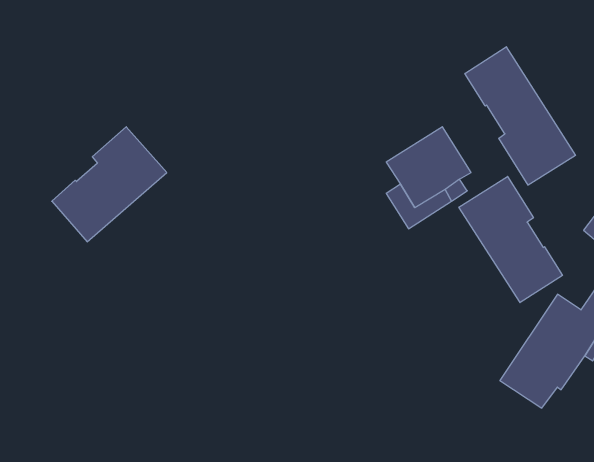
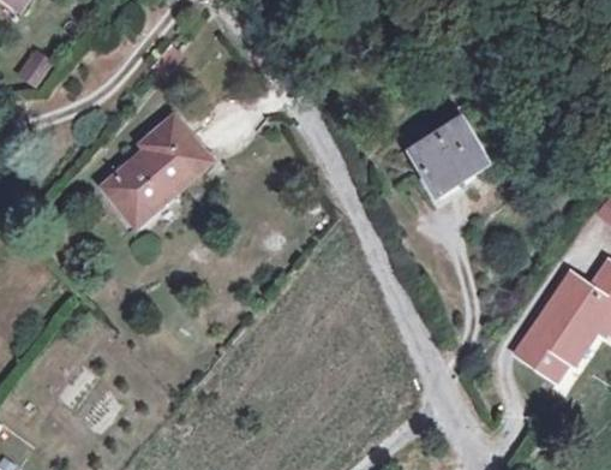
building: [465,47,575,185] -> none
building: [459,176,562,303] -> none

